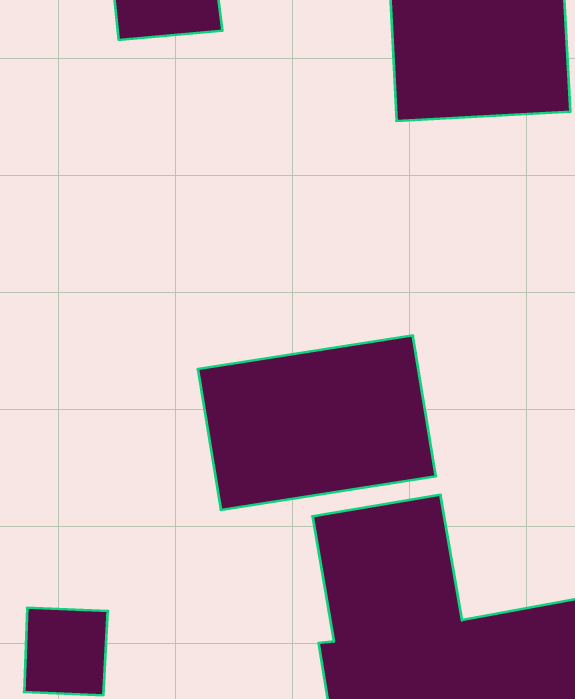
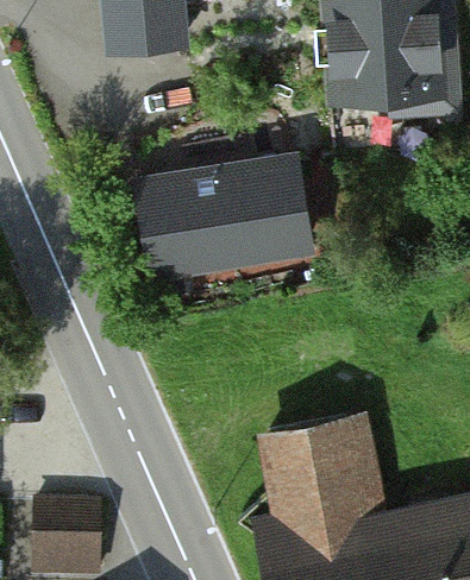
building: [198,336,436,510] -> [132,152,318,288]

